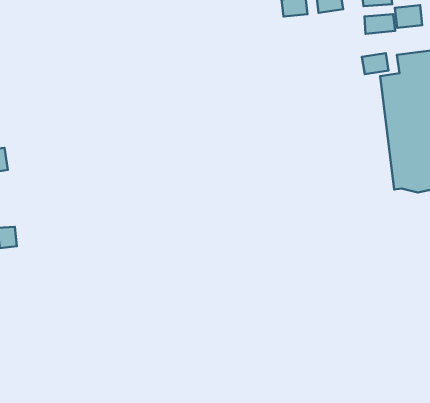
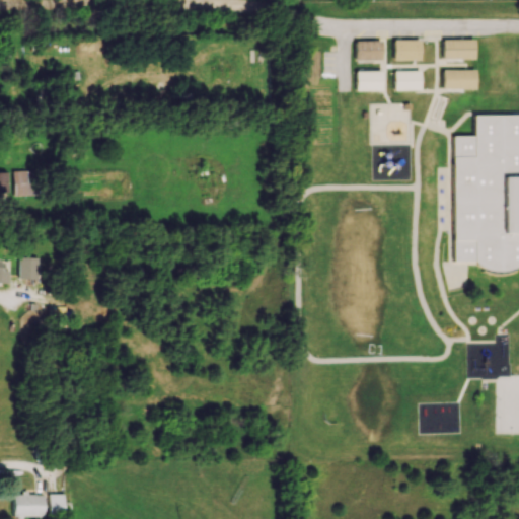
building: [395,5,422,28] -> none
building: none -> [358,71,384,91]
building: [362,53,389,74] -> [395,71,423,91]

